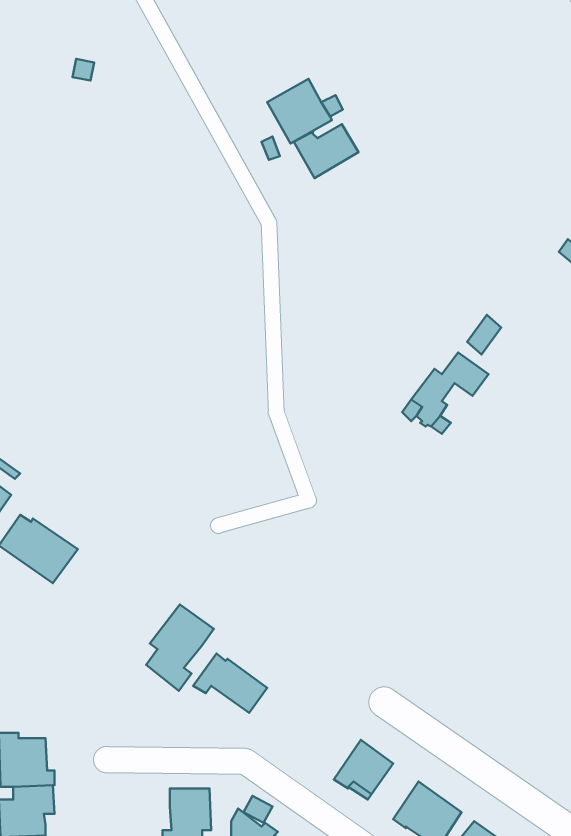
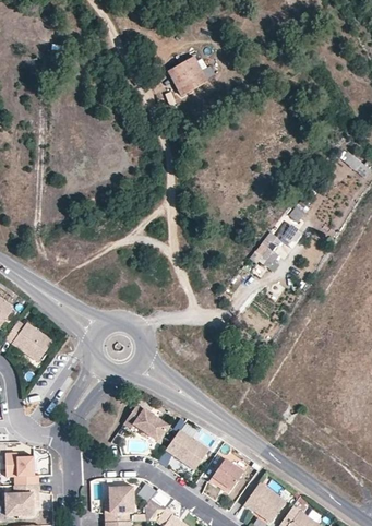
building: [294,124,358,178] -> none
building: [146,605,214,691] -> none
building: none -> [165,430,208,470]

